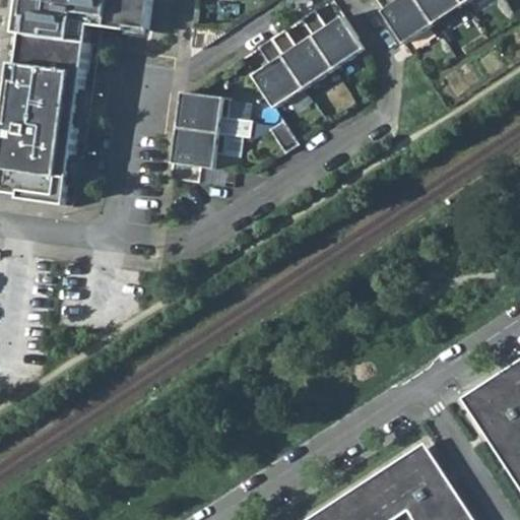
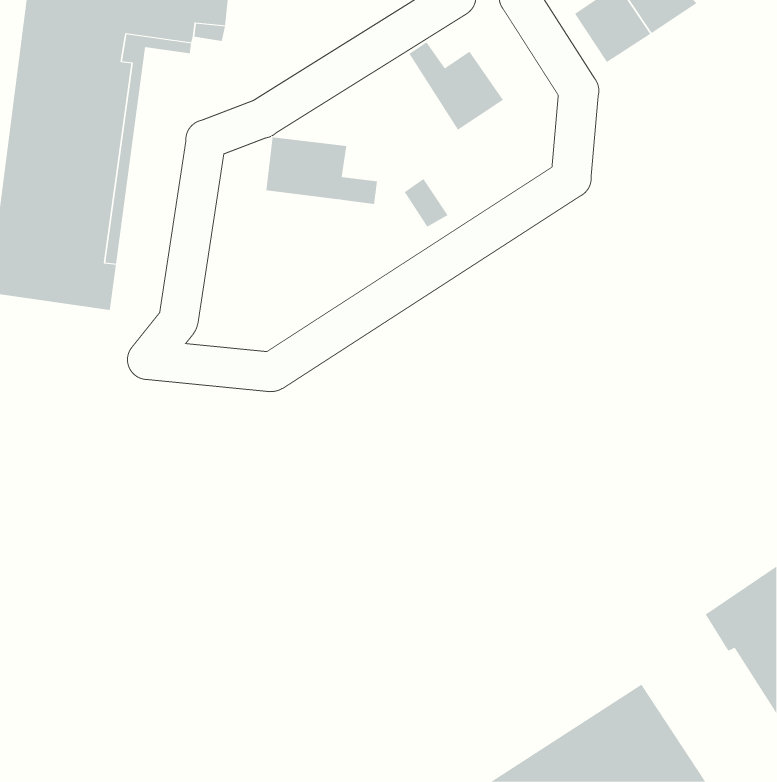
building: [300,7,363,66] -> none
building: [251,36,303,106] -> none
building: [169,126,224,181] -> none

